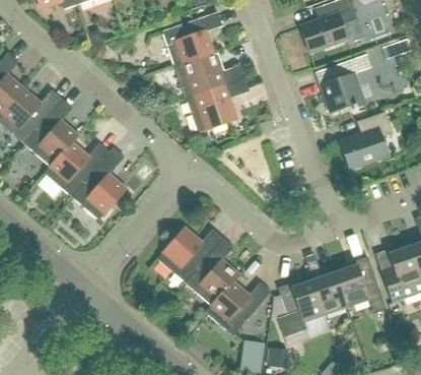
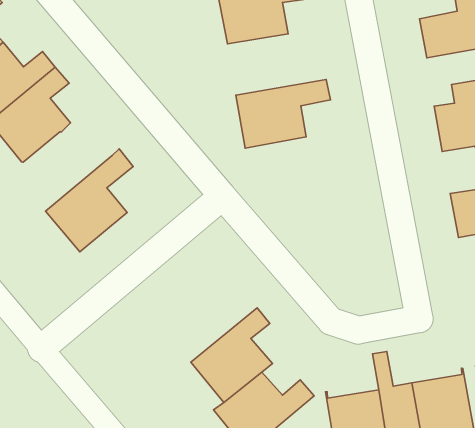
building: [174,51,244,98] -> none
building: [44,141,110,196] -> none
building: [157,227,223,282] -> none

